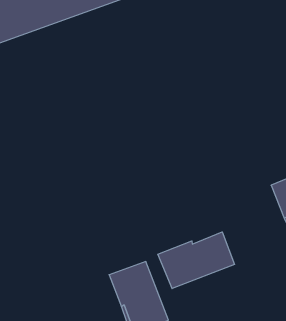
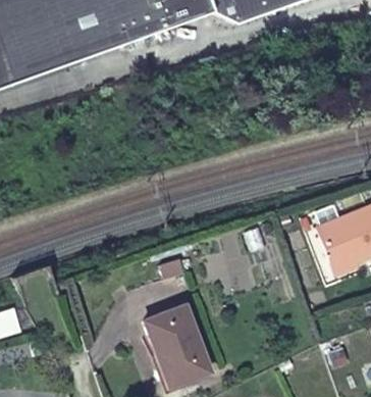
building: [158,232,235,289] -> none

